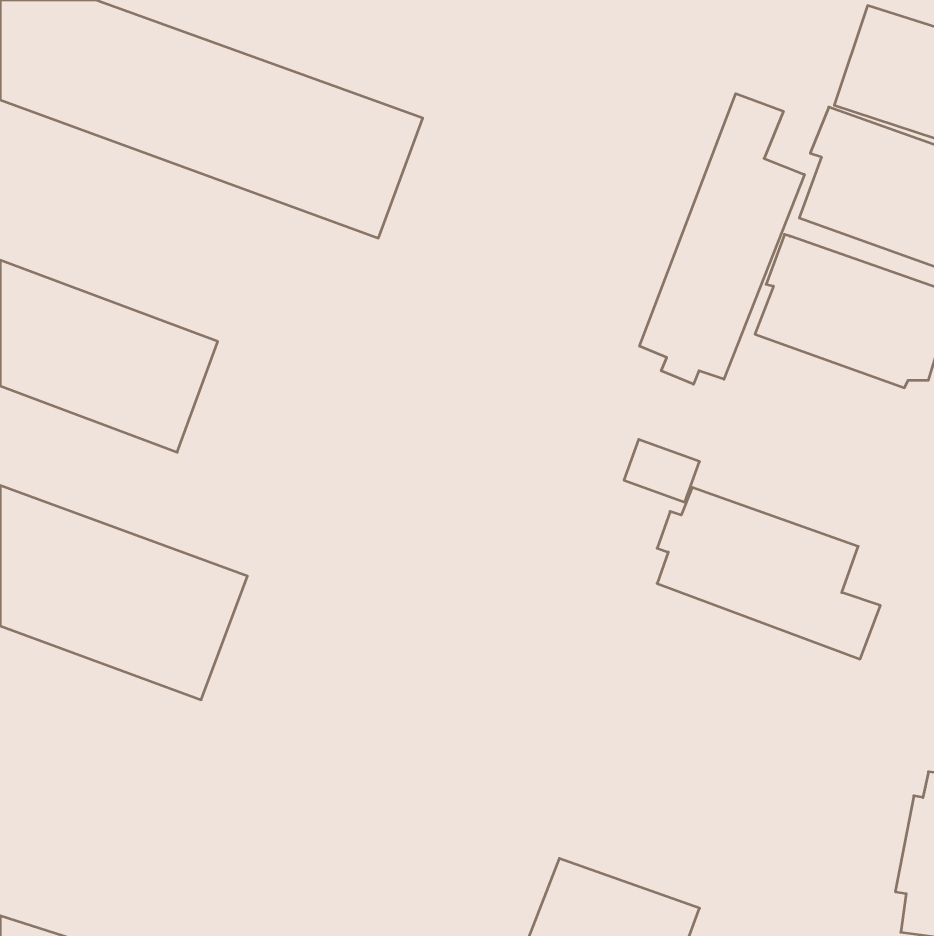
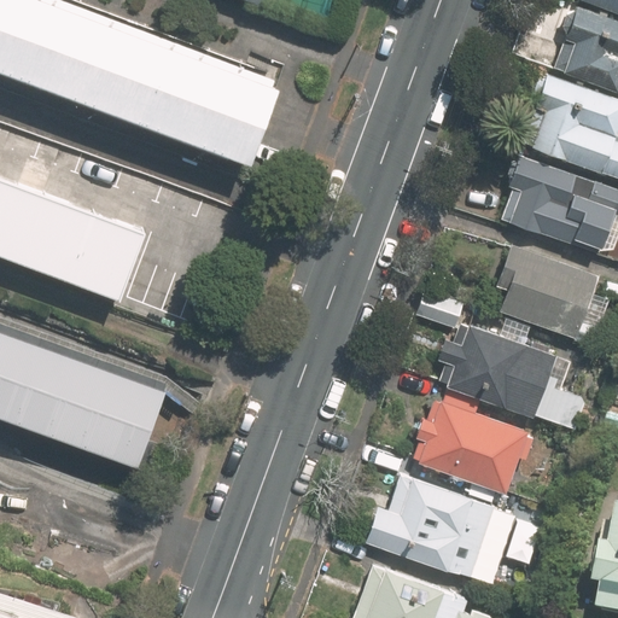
building: [640,94,804,384] -> none
building: none -> [494,245,610,355]
building: none -> [412,400,525,495]
building: none -> [365,478,512,585]

